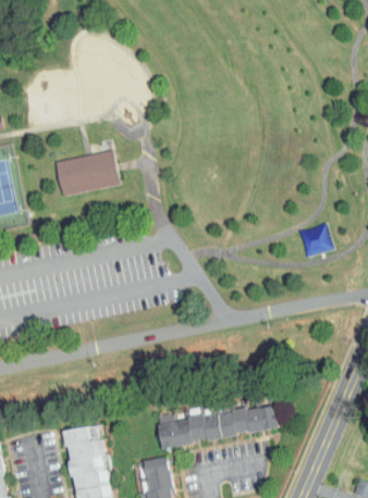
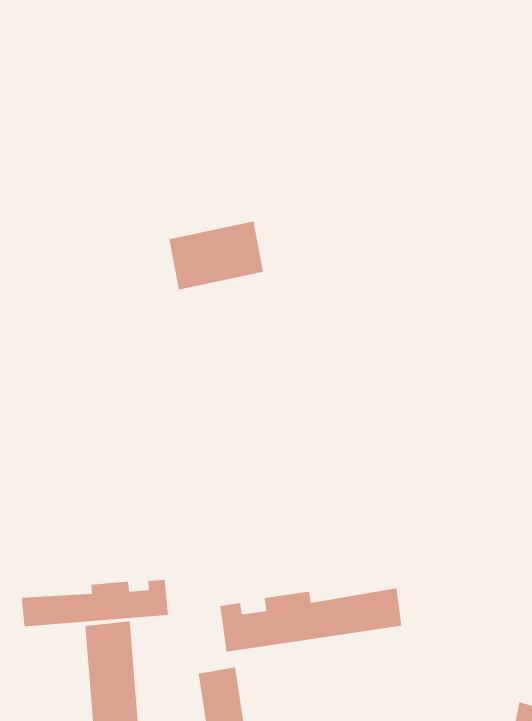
building: [54,151,118,197] -> [168,221,264,290]
building: none -> [21,579,168,627]

